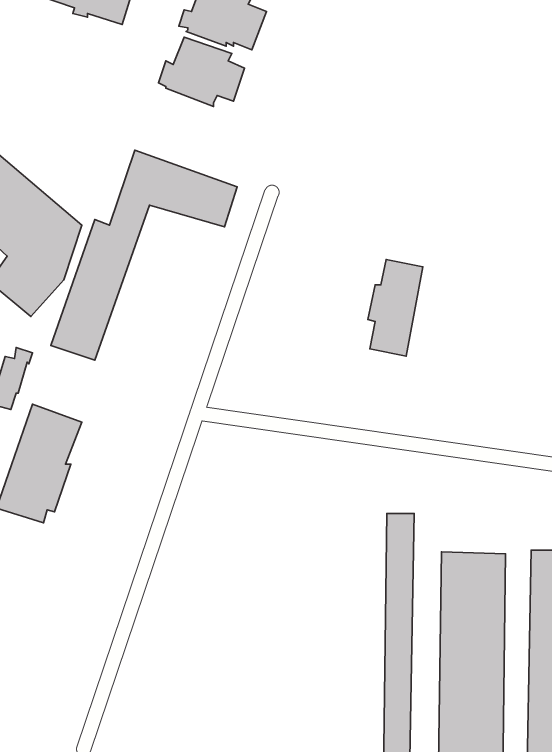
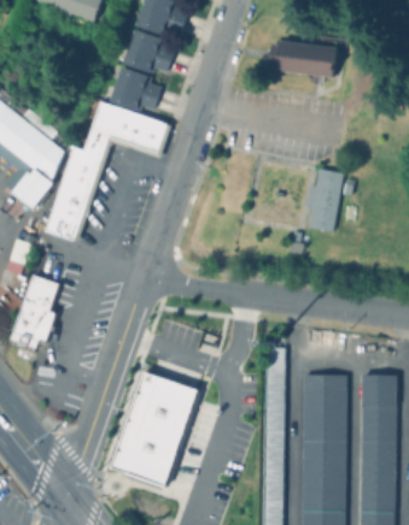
building: none -> [269,41,337,84]
building: none -> [104,64,160,112]
building: [368,259,423,356] -> [306,169,343,232]
building: none -> [109,362,198,480]

